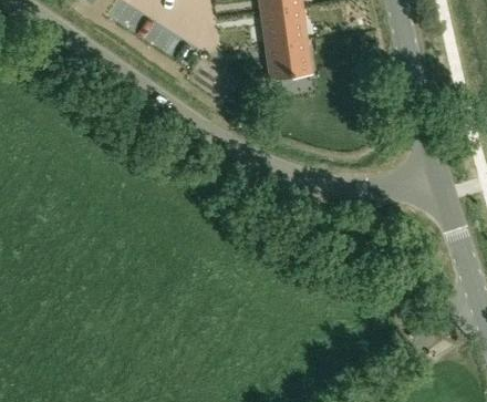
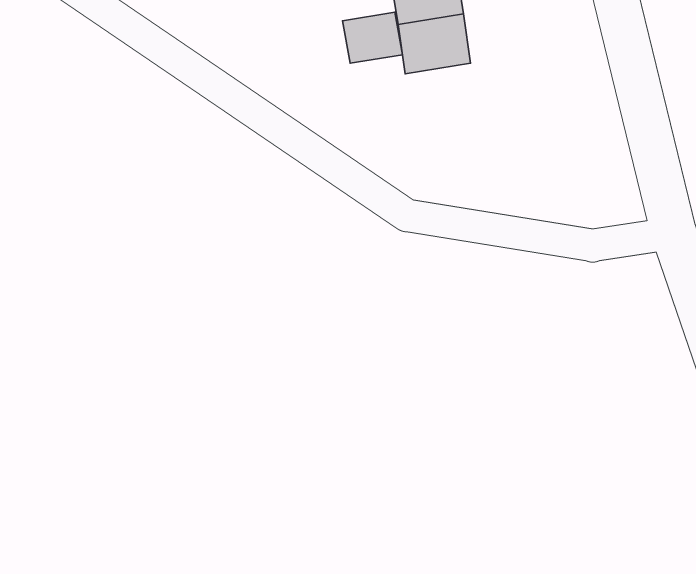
building: none -> [342,12,402,63]

